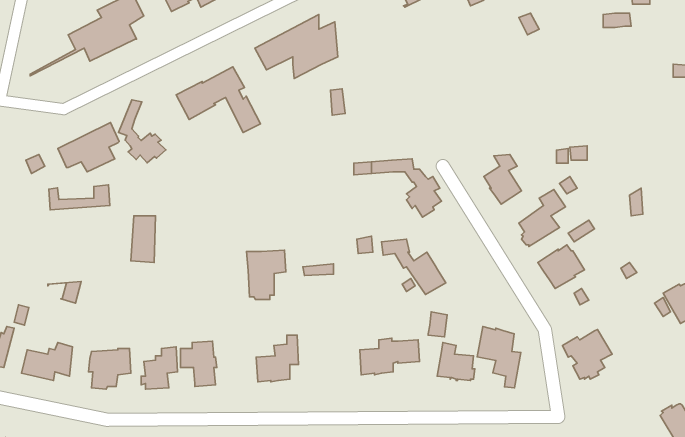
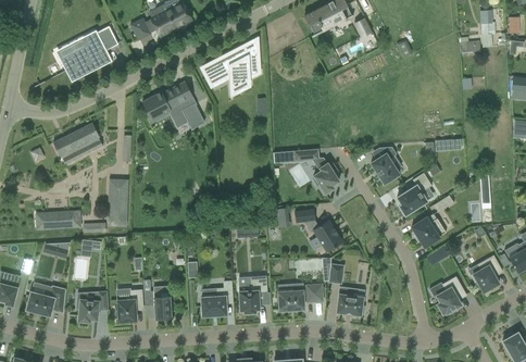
building: [118,100,166,163] -> none
building: [49,185,110,210] -> [35,211,80,229]
building: [247,250,286,300] -> [238,276,267,313]
building: none -> [471,257,502,292]
building: [477,327,521,388] -> none

